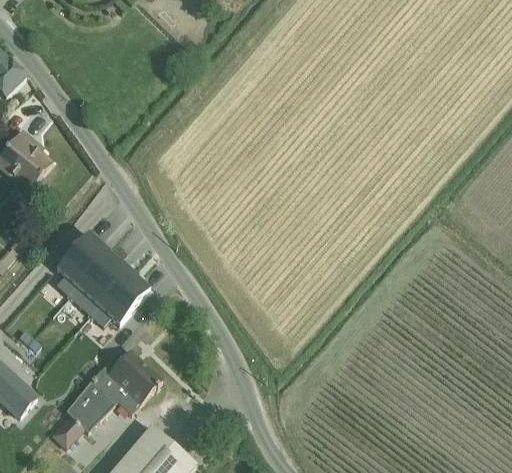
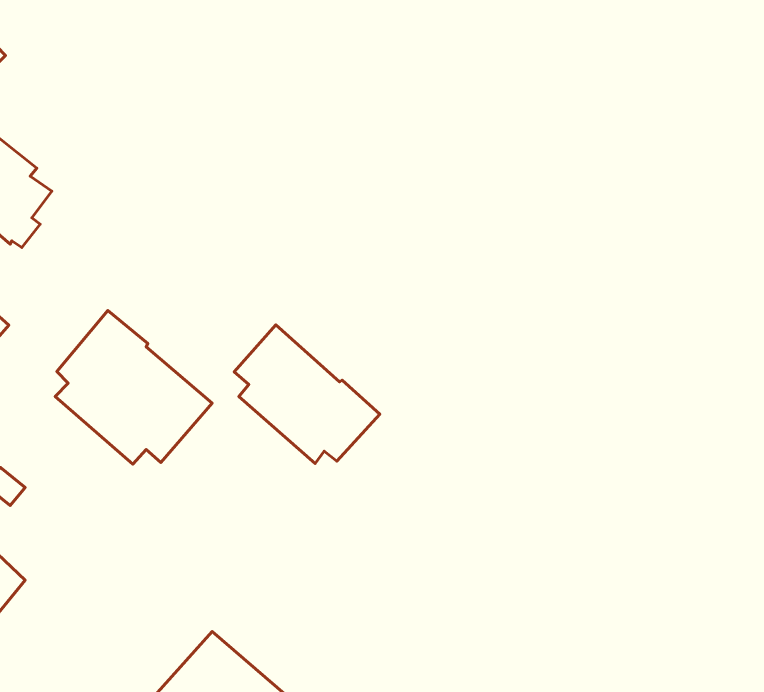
building: none -> [234,325,380,463]
building: [50,350,162,448] -> none

